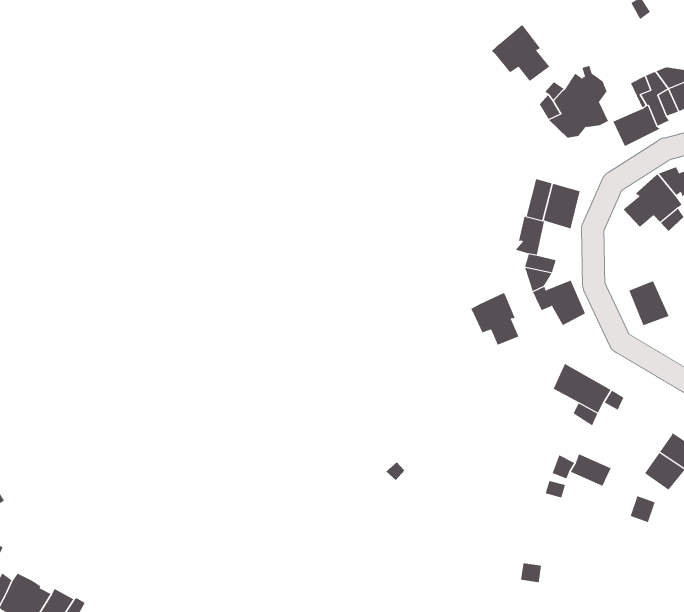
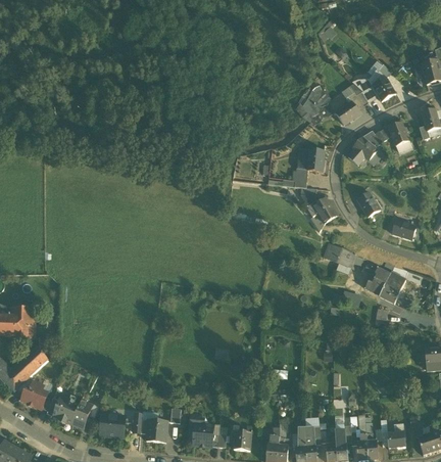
building: [491,24,550,82] -> none
building: [471,292,519,346] -> none
building: none -> [361,262,390,294]

